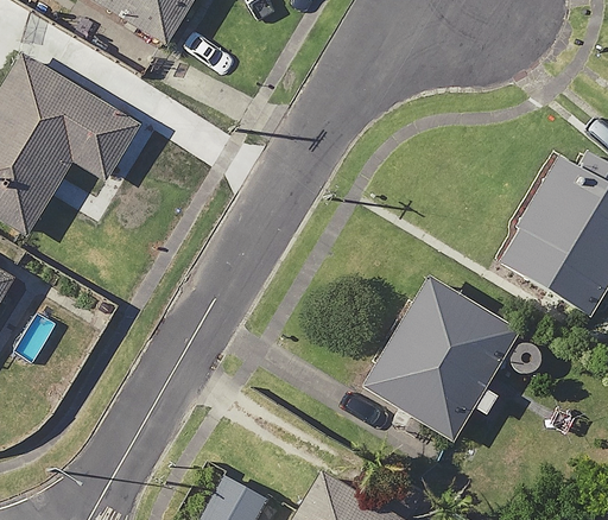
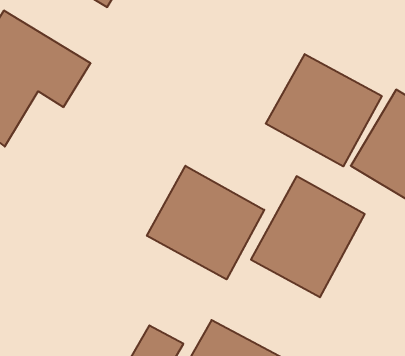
building: none -> [266,54,382,166]
building: none -> [147,166,264,279]

